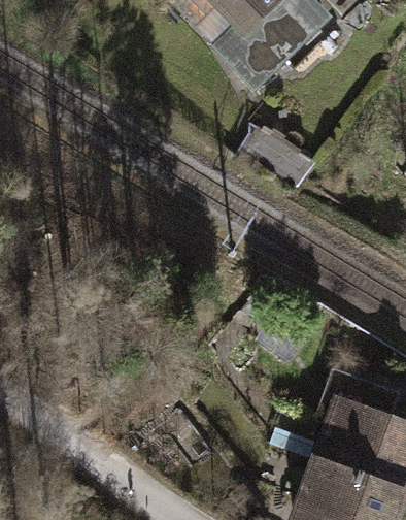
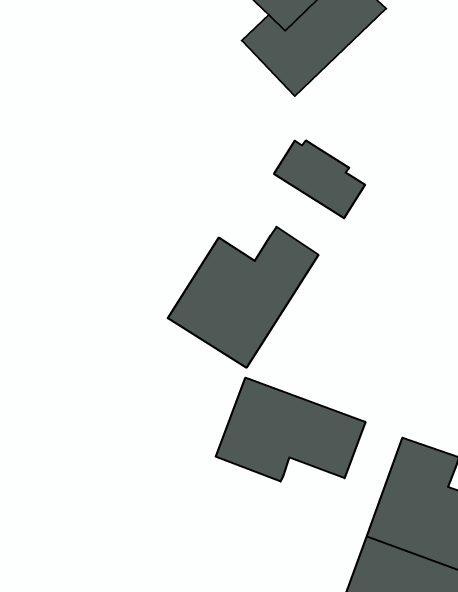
building: none -> [168,227,318,368]
building: none -> [216,378,365,482]

